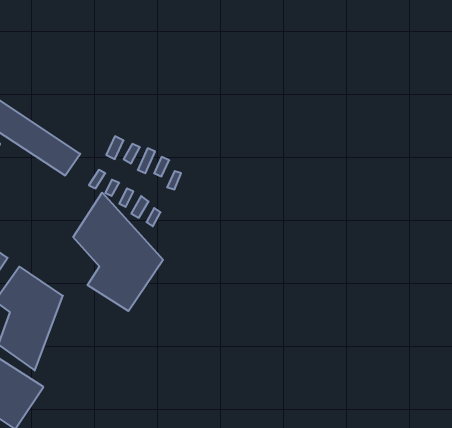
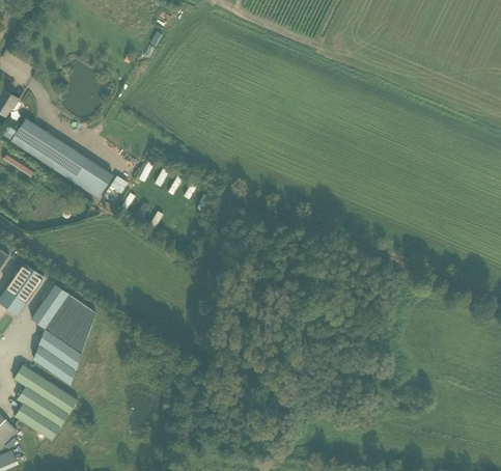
building: [73,193,163,311] -> none

